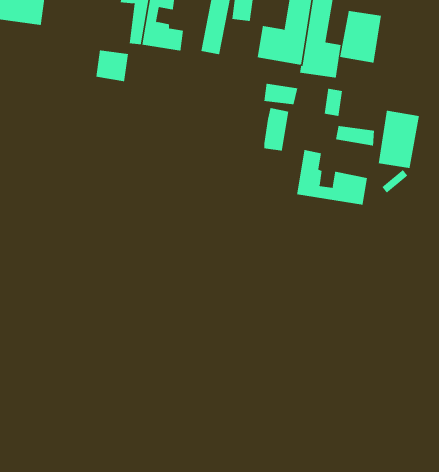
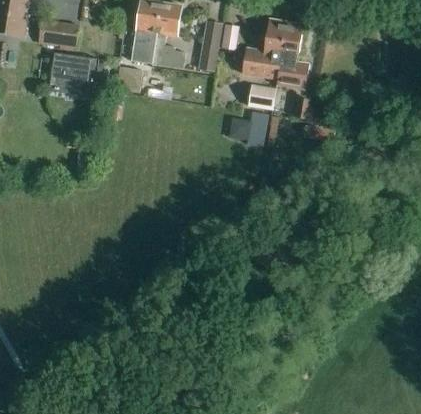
building: [340,10,382,63] -> none
building: none -> [48,53,98,93]
building: [378,110,420,169] -> none
building: [296,149,367,205] -> none

